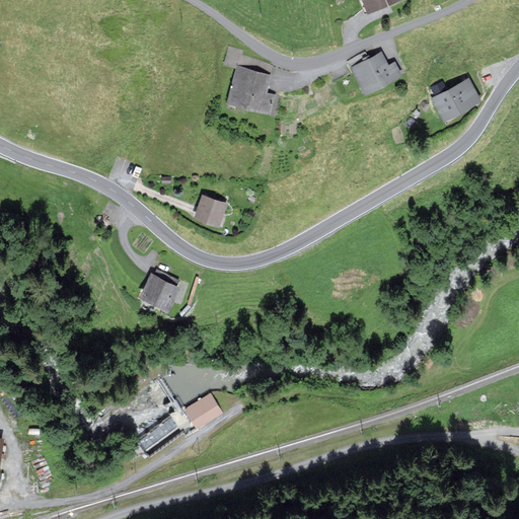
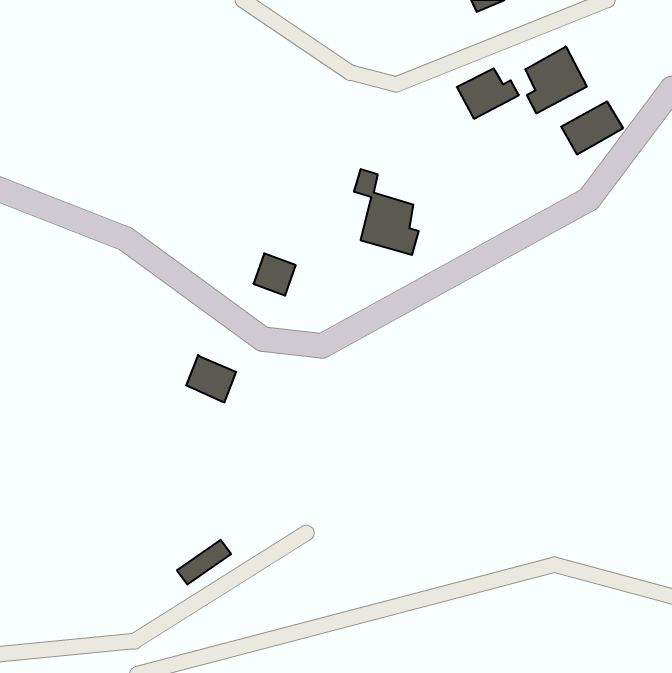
building: none -> [525,46,587,113]
building: [223,49,273,115] -> [354,169,419,255]
building: [182,395,220,431] -> none

